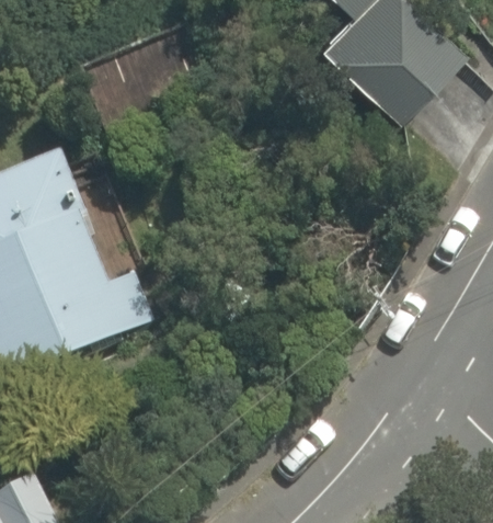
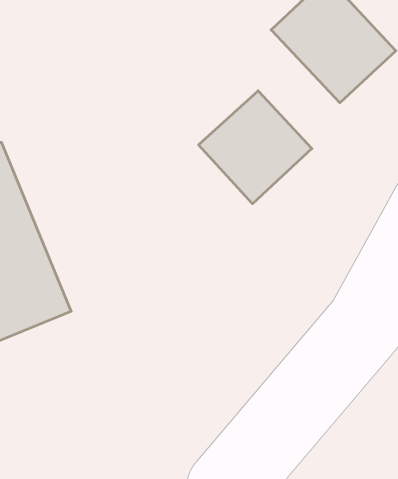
building: none -> [199,91,312,204]

